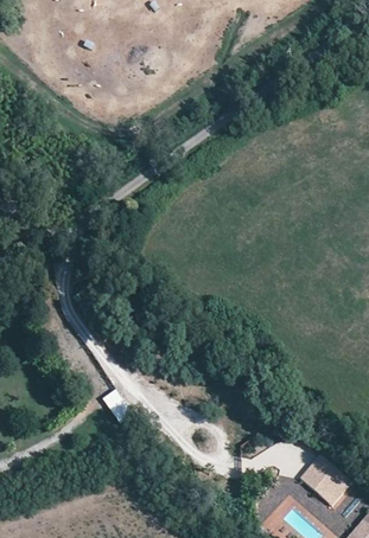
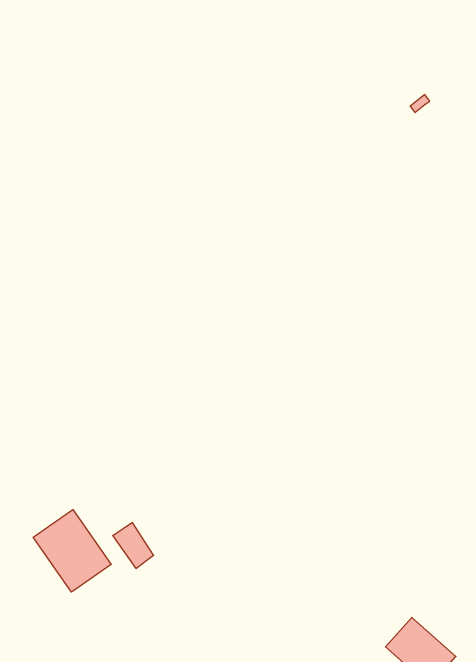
building: none -> [33,510,111,592]

